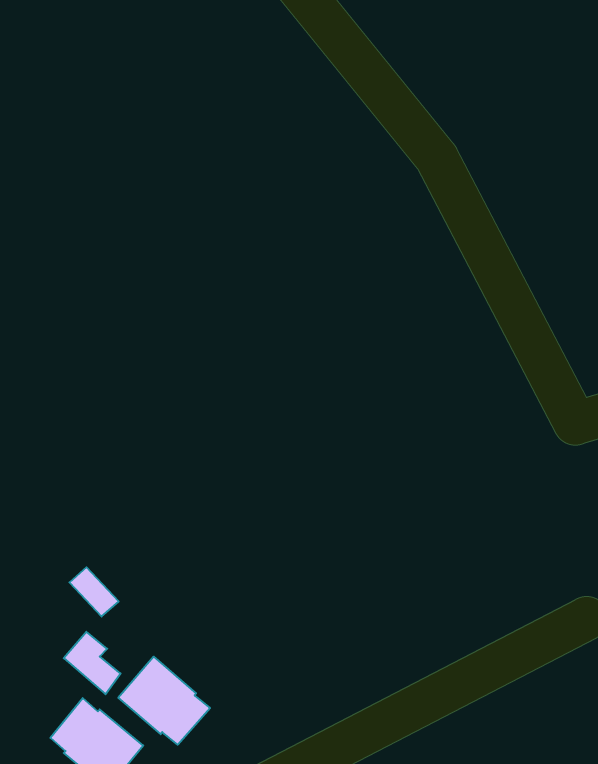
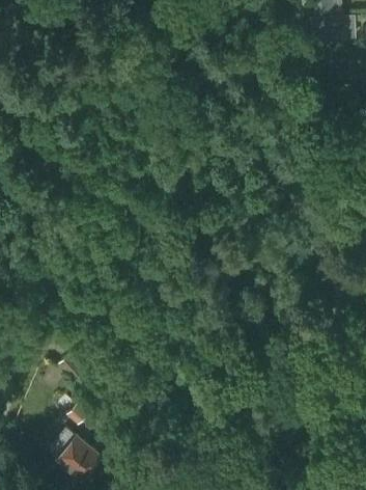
building: [118,657,210,745] -> none

